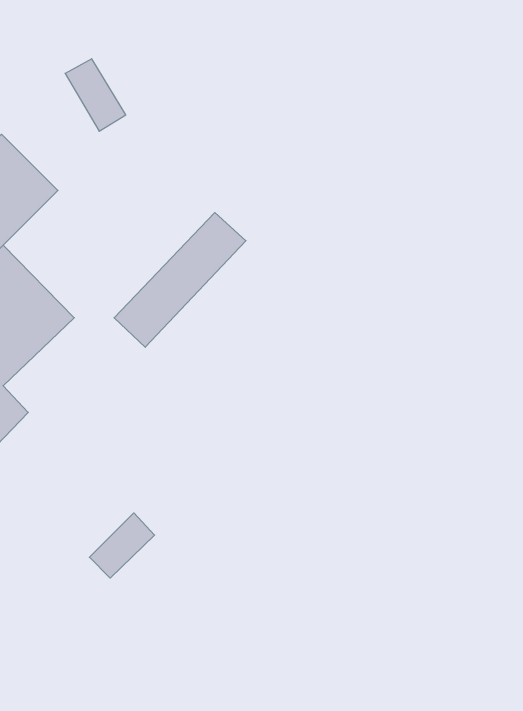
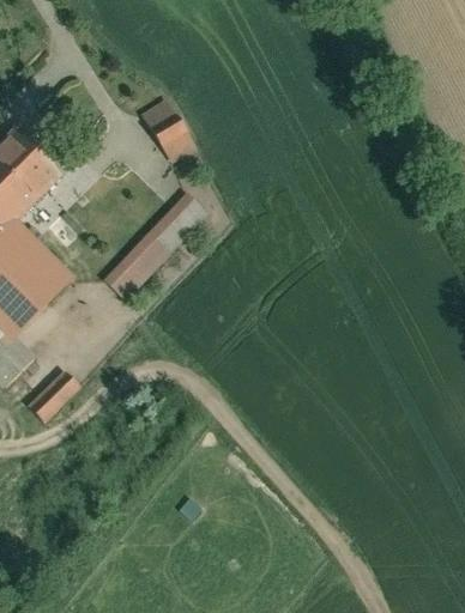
building: [65,59,126,131] -> [144,99,193,158]
building: [89,513,155,578] -> [25,369,78,421]

